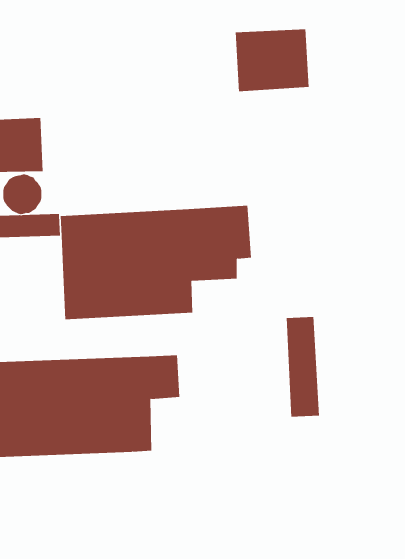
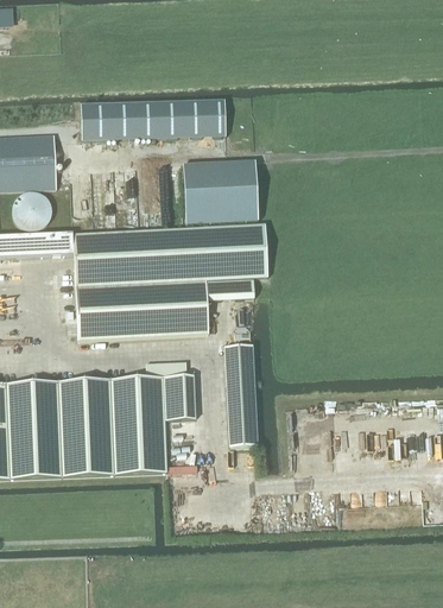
building: [235,29,310,92] -> [182,159,258,223]
building: none -> [81,99,224,139]
building: [286,317,320,417] -> [223,343,258,445]

